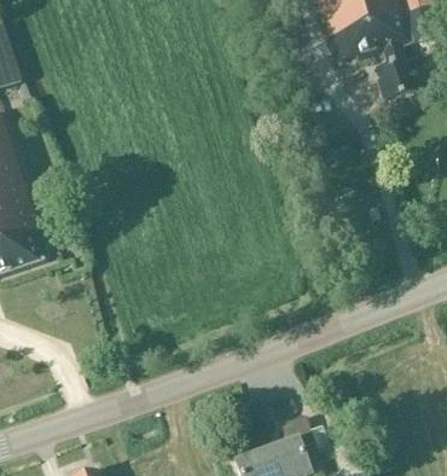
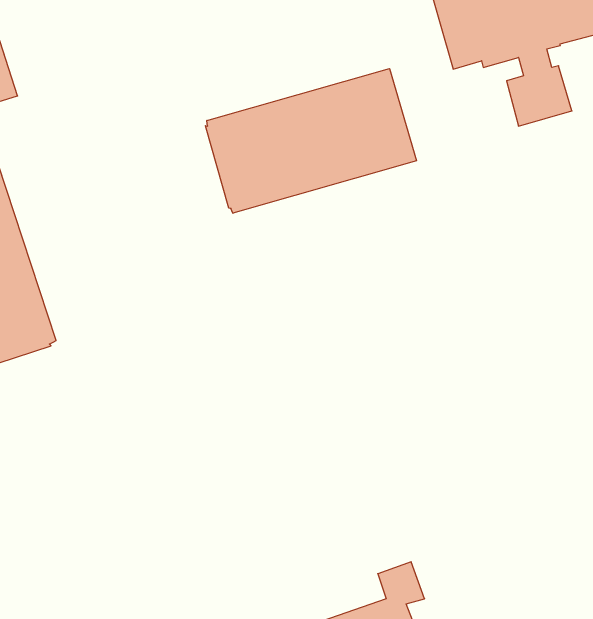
building: none -> [205,69,417,213]

